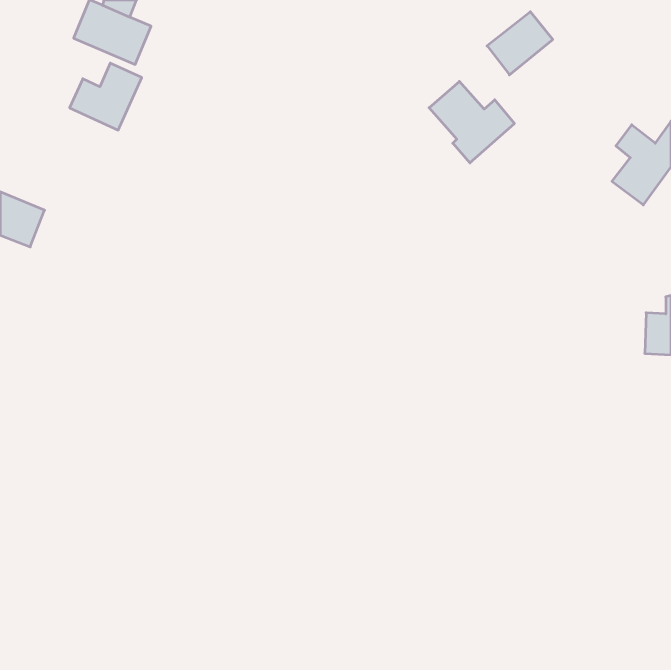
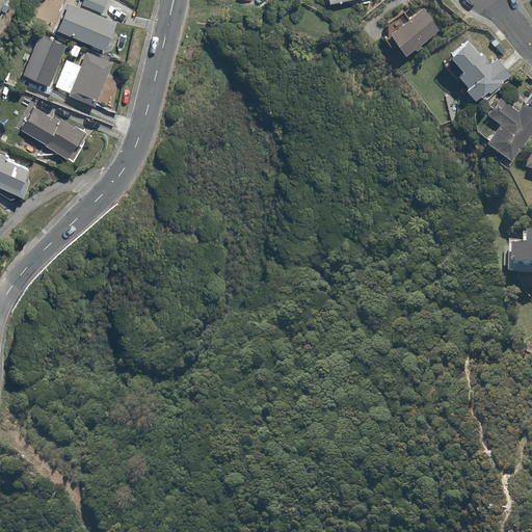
building: none -> [22,31,65,84]
building: [429,81,514,163] -> [445,43,512,107]
building: none -> [21,102,85,158]

